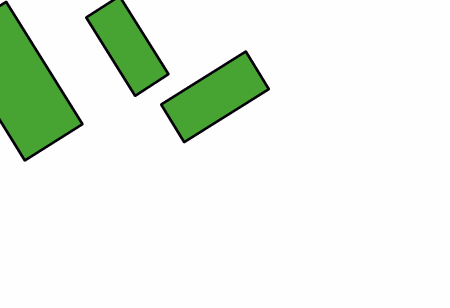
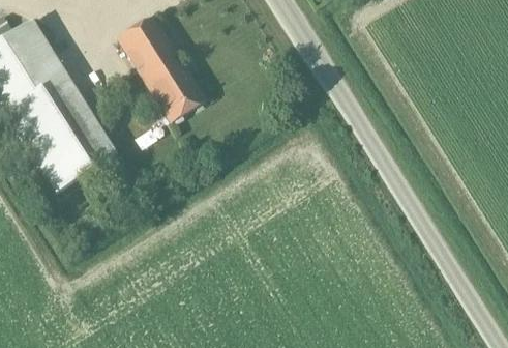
building: [161,51,269,142] -> none

